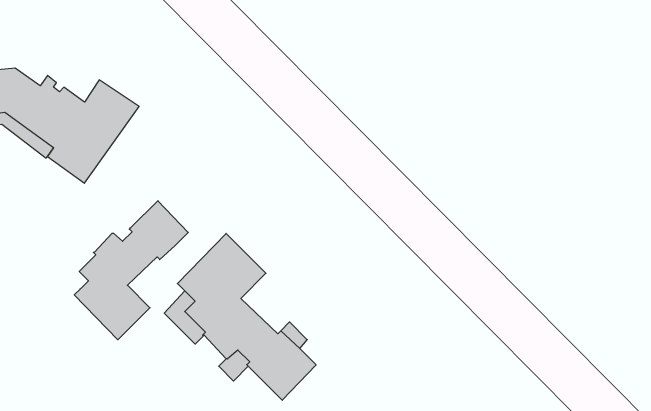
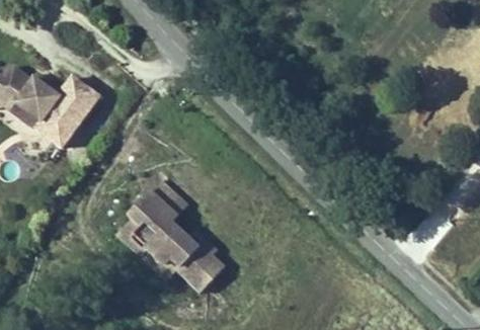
building: [74,201,188,340] -> none

